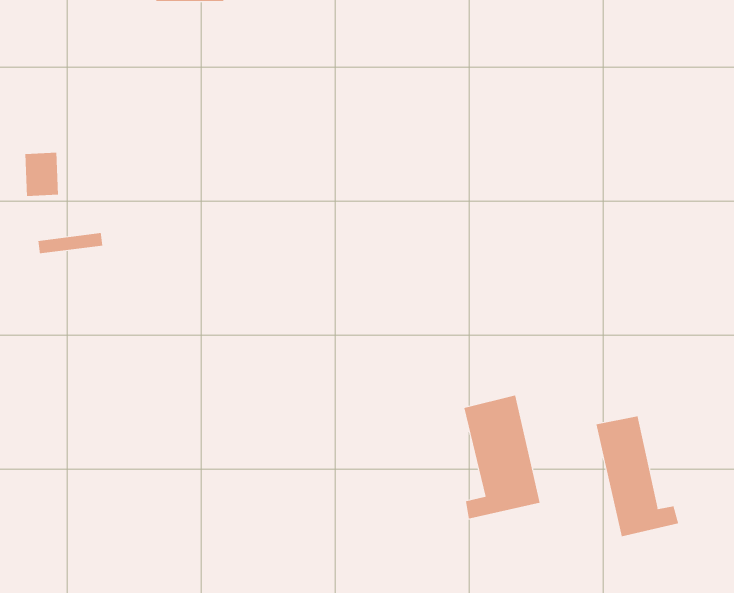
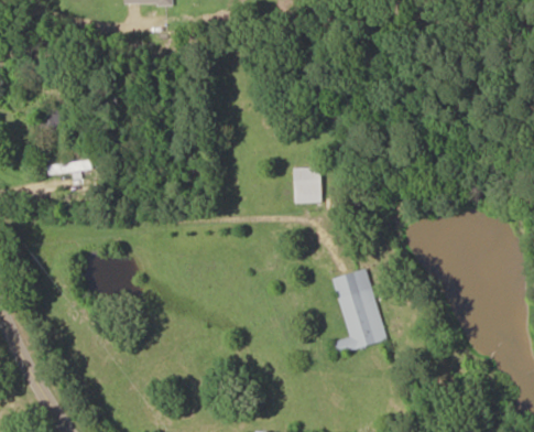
building: none -> [294,166,320,203]
building: [596,415,679,537] -> none

